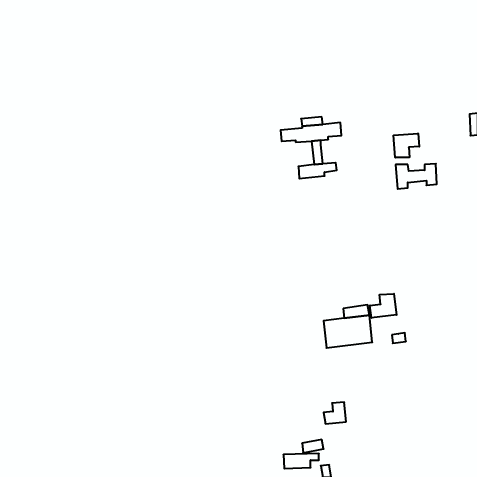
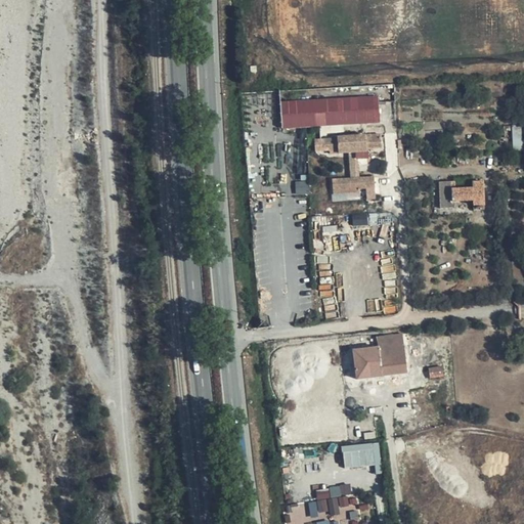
building: none -> [273,96,373,127]
building: [394,133,419,158] -> none
building: [370,294,397,318] -> none

